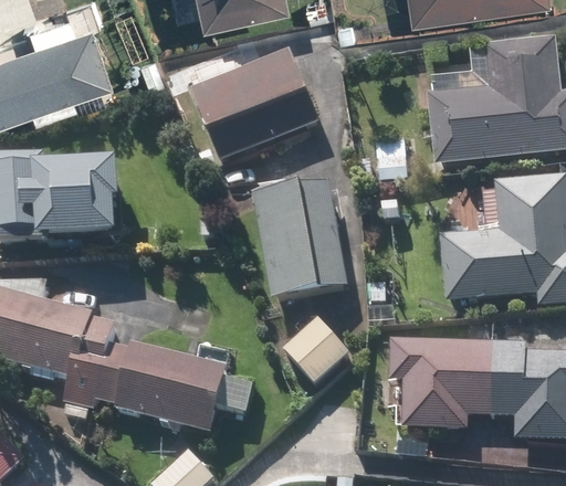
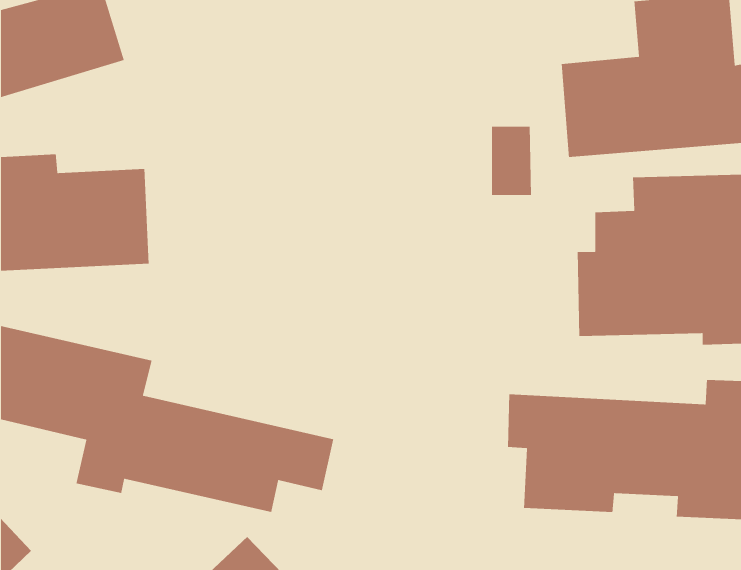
building: [184,51,314,162] -> none
building: [251,179,348,298] -> none
building: [280,315,349,385] -> none

